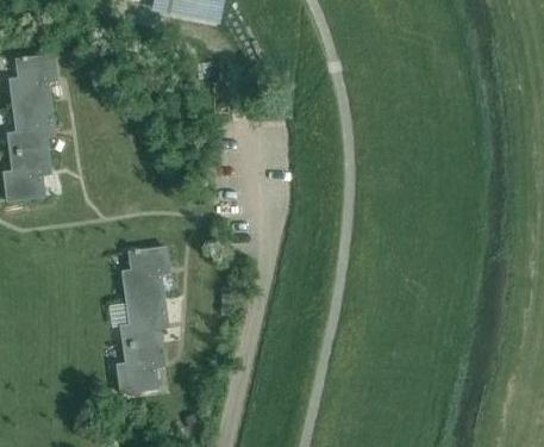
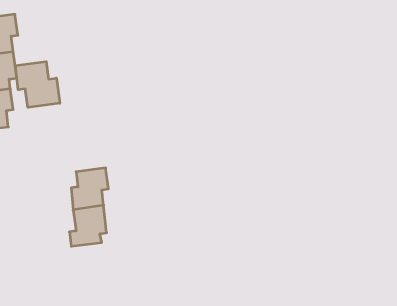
building: none -> [15,62,60,107]
building: [117,340,164,393] -> none

